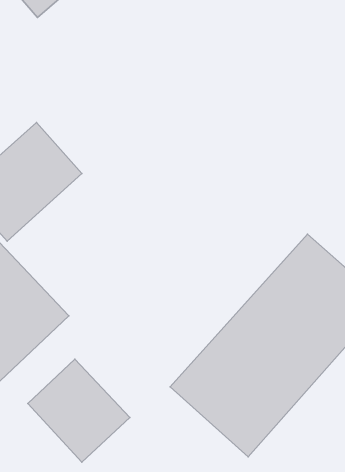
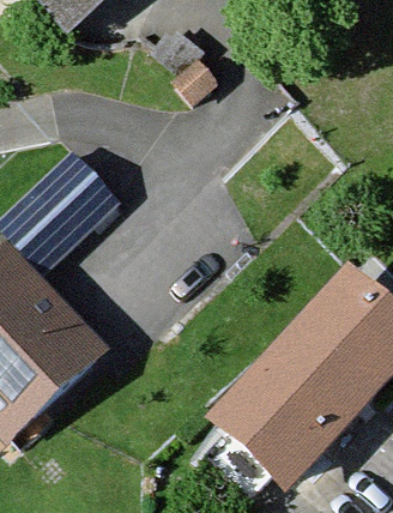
building: [28,359,130,462] -> none

